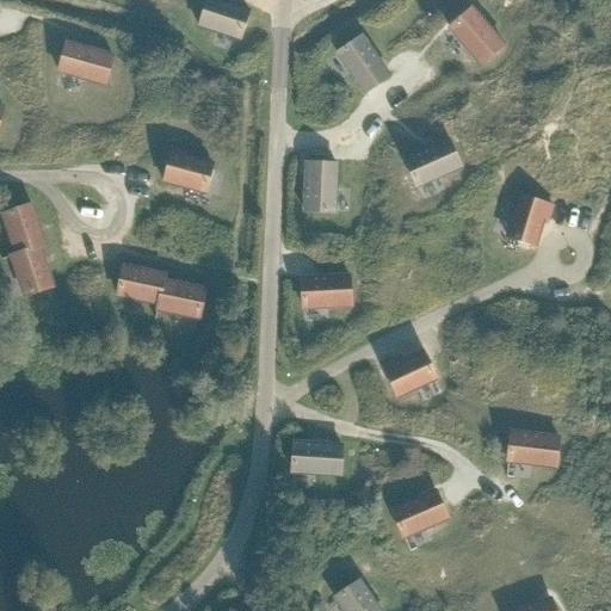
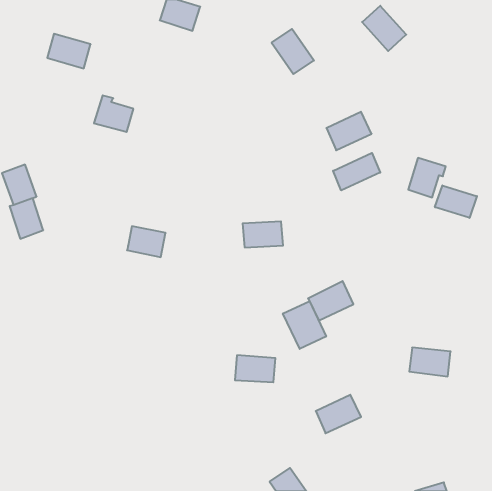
building: [163,146,212,191] -> [94,95,133,132]
building: [303,162,337,211] -> none
building: none -> [333,153,380,190]
building: none -> [435,185,477,218]
building: [118,266,165,304] -> none
building: none -> [283,301,326,349]

